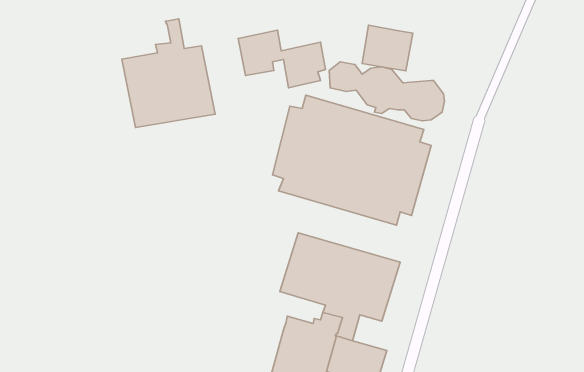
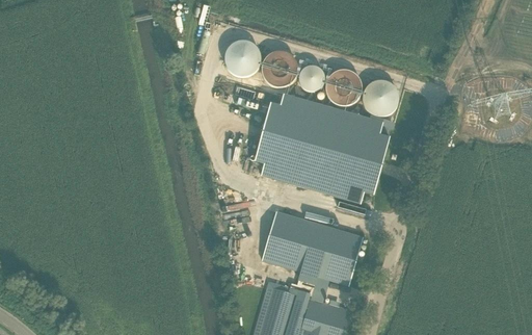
building: [122,19,215,128] -> none
building: [362,25,413,71] -> none

